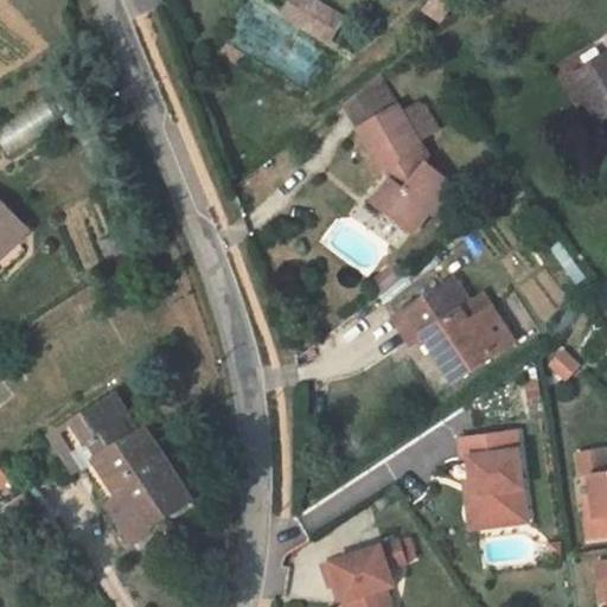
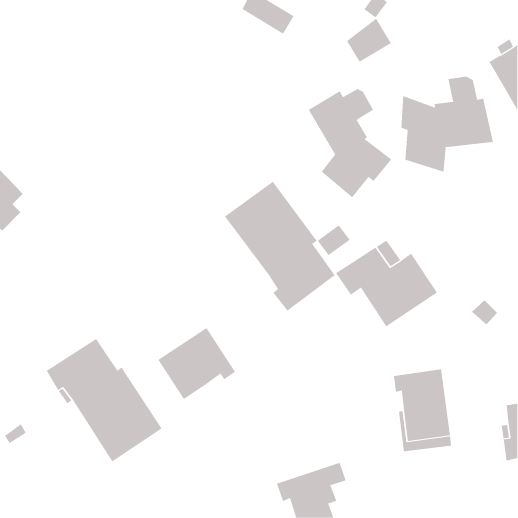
building: [344,76,397,128] -> [346,18,392,62]
building: none -> [401,76,493,172]
building: none -> [224,181,335,311]
building: none -> [157,327,236,400]

